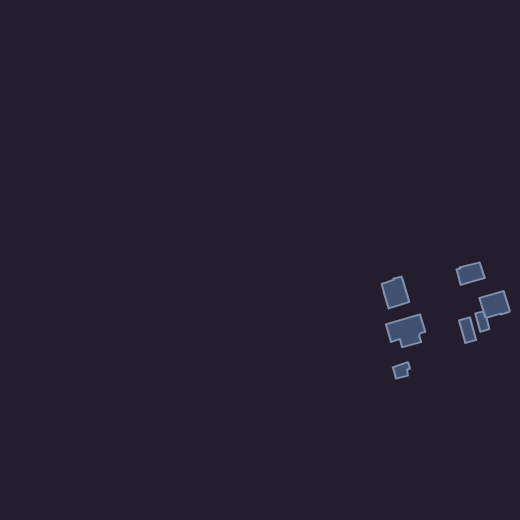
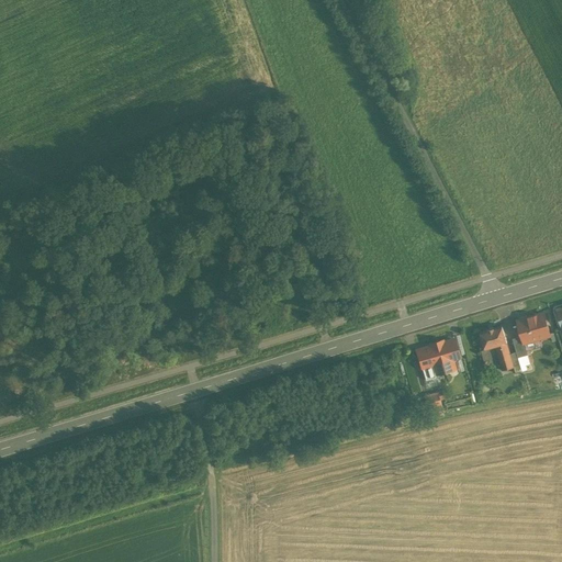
building: [456,262,485,285] -> [476,326,507,350]
building: [382,276,409,309] -> none

